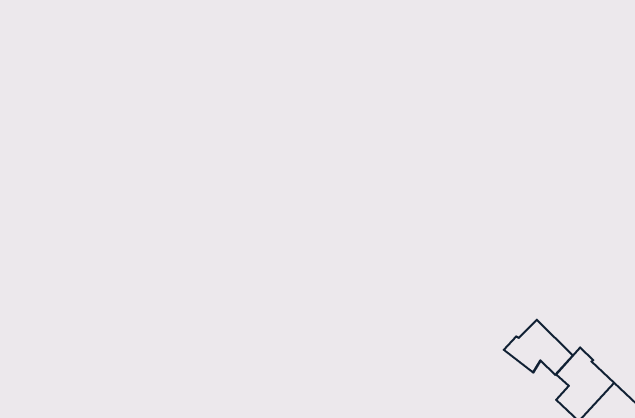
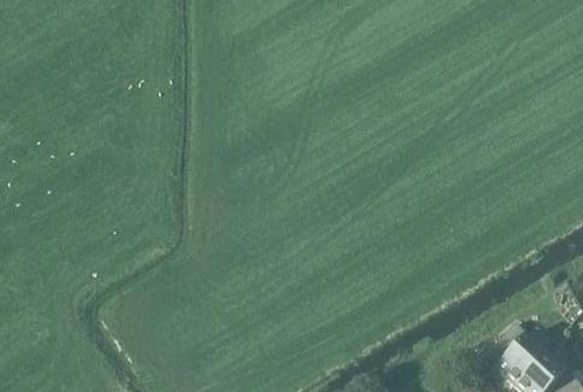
building: [504,320,573,375] -> none

